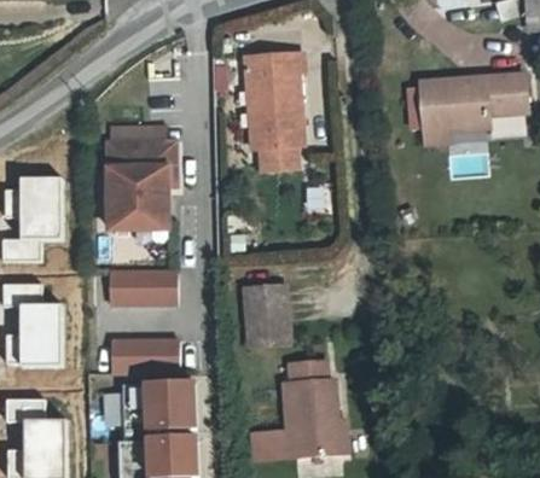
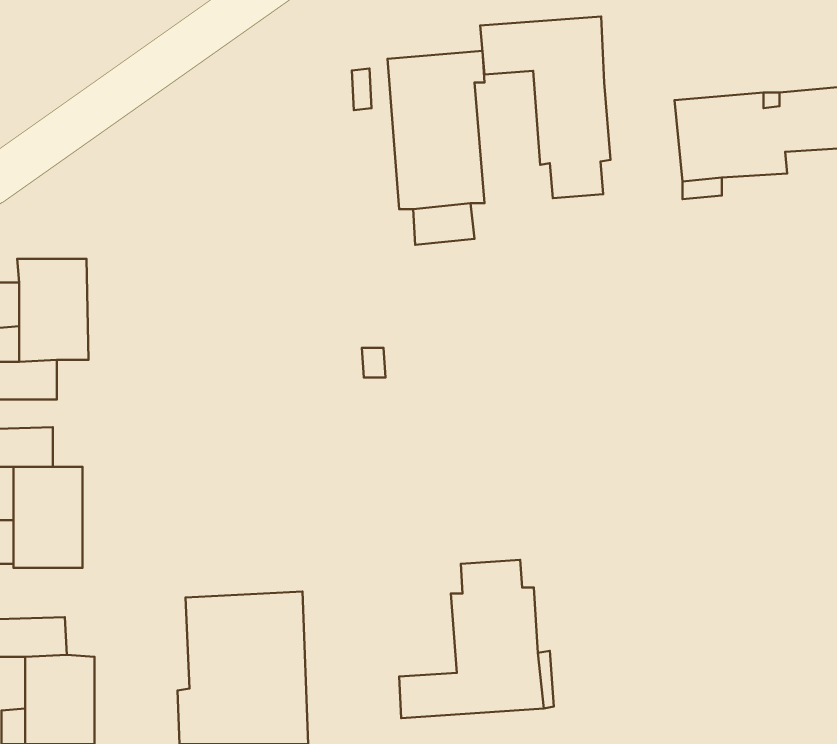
building: none -> [480,16,611,198]
building: [108,139,167,228] -> none
building: [109,269,176,303] -> none
building: [245,284,289,344] -> none
building: [111,338,179,372] -> none

